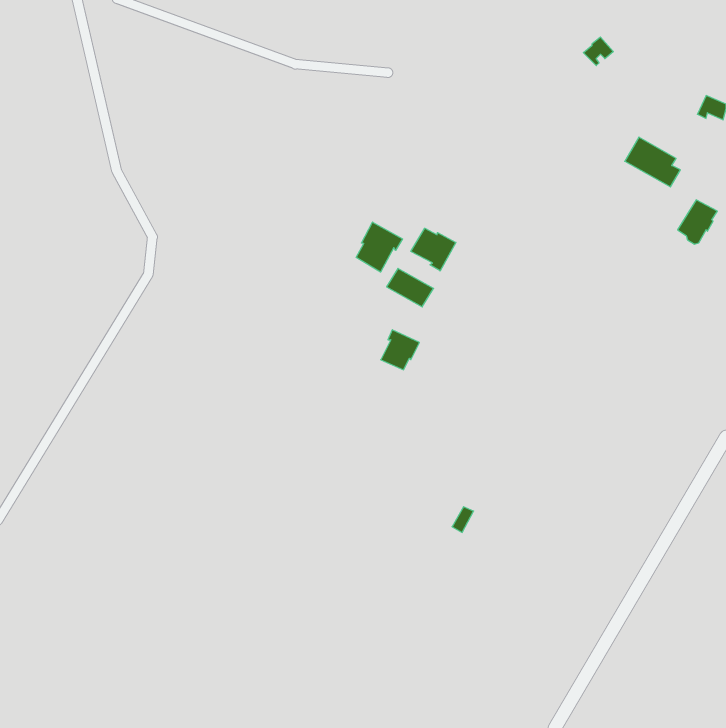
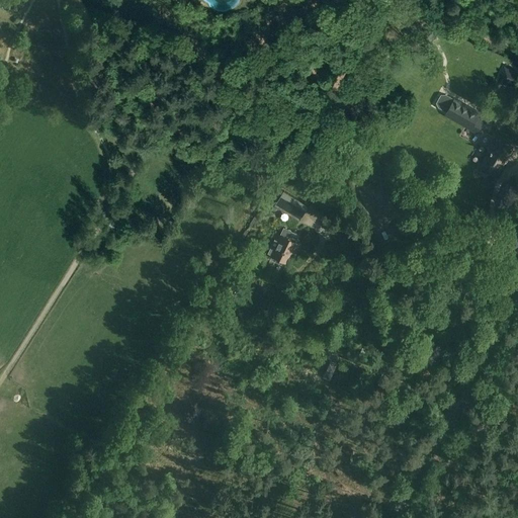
building: [356,222,403,272] -> none
building: [411,228,456,271] -> none

